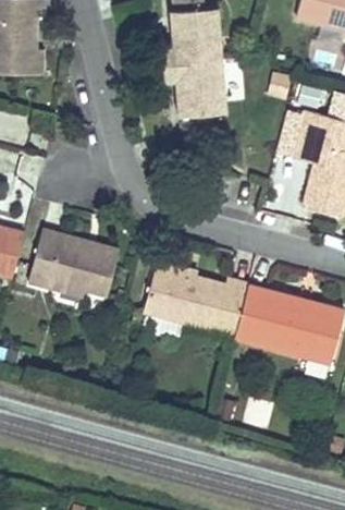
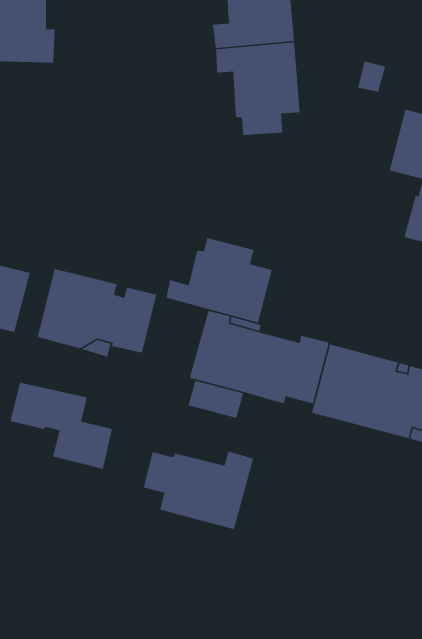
building: none -> [165,237,273,323]
building: none -> [9,382,113,470]
building: none -> [143,450,254,530]

